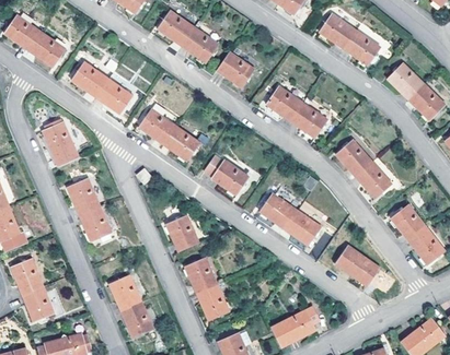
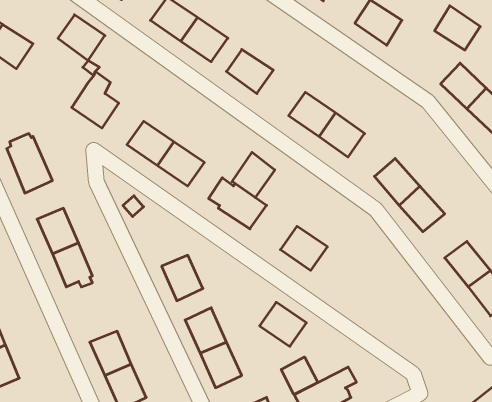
building: [345,29,381,64] -> [435,6,480,50]
building: [71,62,108,98] -> [58,15,105,60]
building: none -> [232,152,275,198]
building: [285,209,322,244] -> [260,302,306,346]
building: [336,244,381,285] -> none
building: none -> [281,357,318,394]

